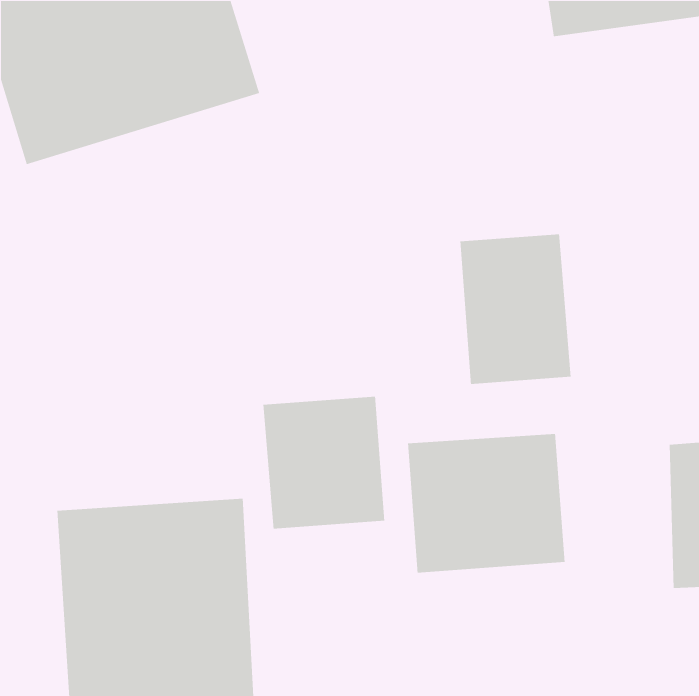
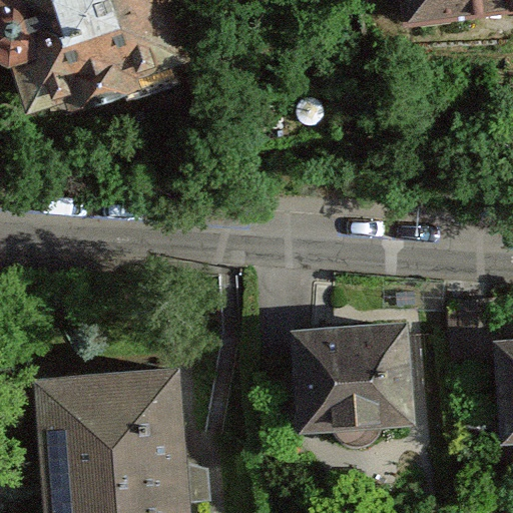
building: [460,233,571,385] -> none
building: [263,396,385,529] -> none

